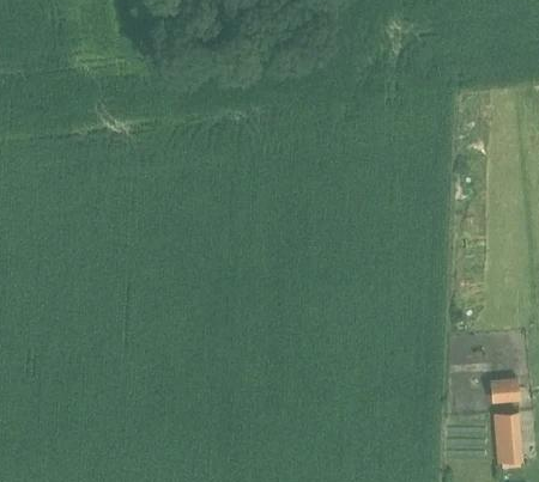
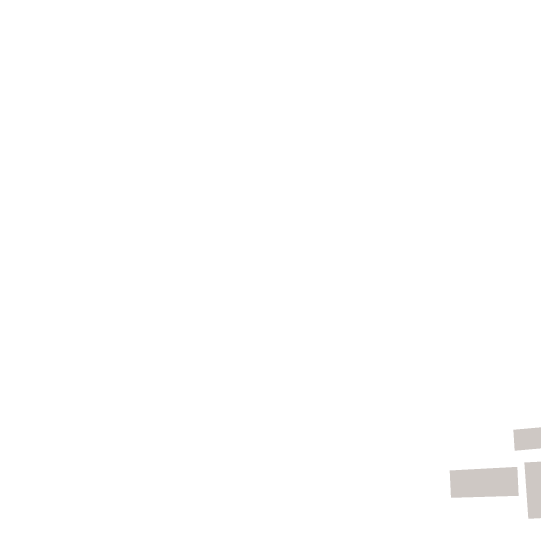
building: none -> [449,466,519,498]

